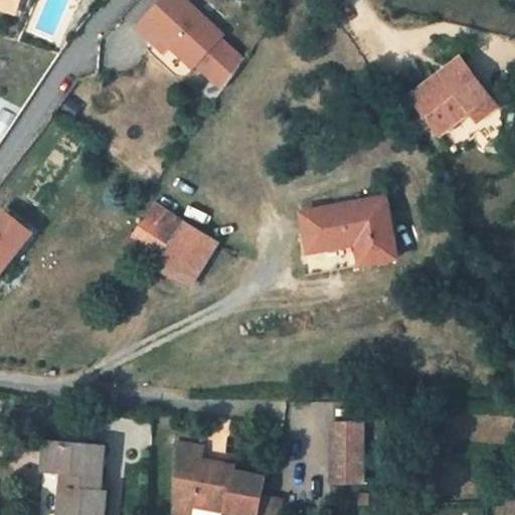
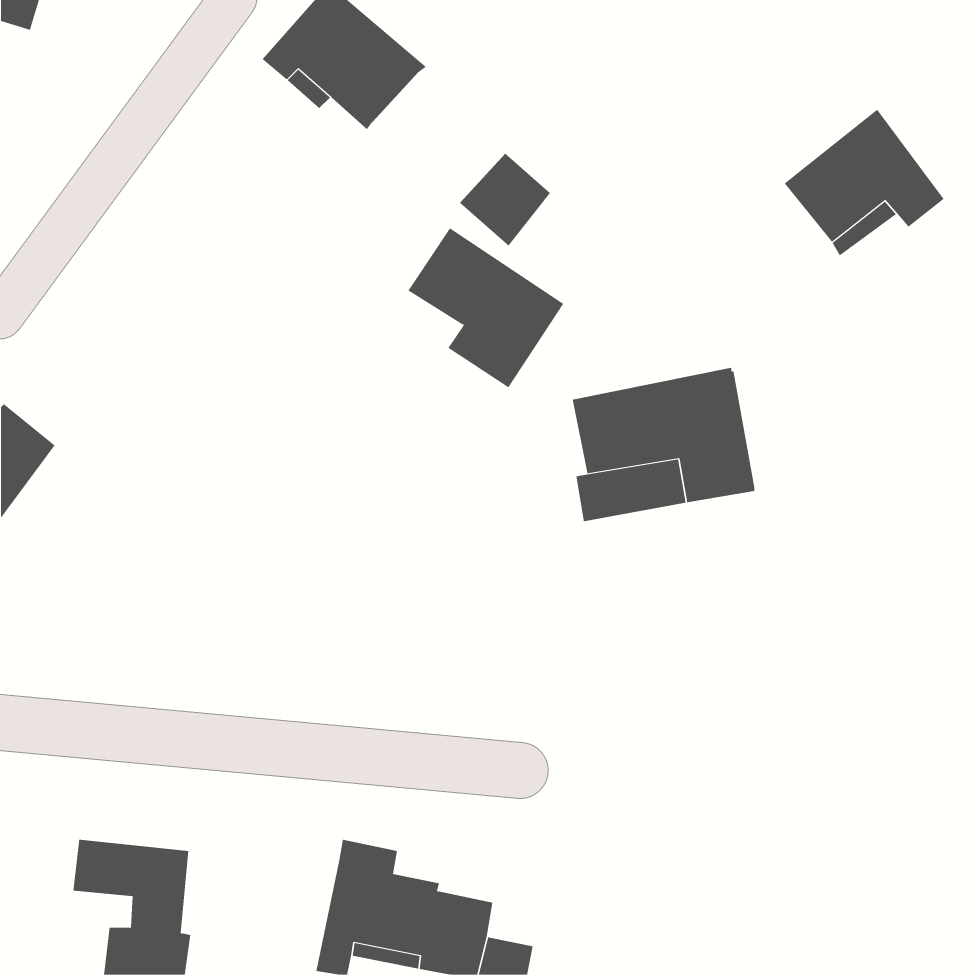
building: [196,38,244,88] -> [459,153,551,247]
building: [132,201,214,286] -> [407,228,564,388]
building: [328,425,362,488] -> none

